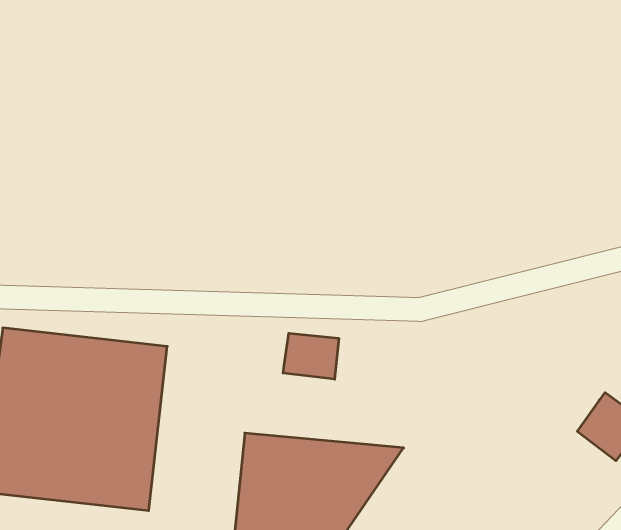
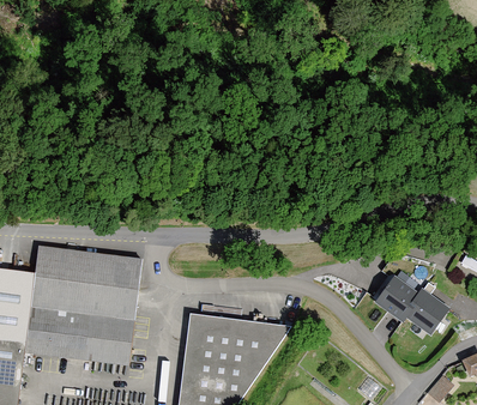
building: [283,333,339,379] -> none
building: none -> [374,273,419,319]

